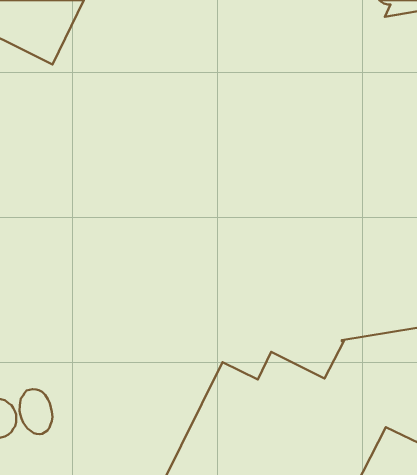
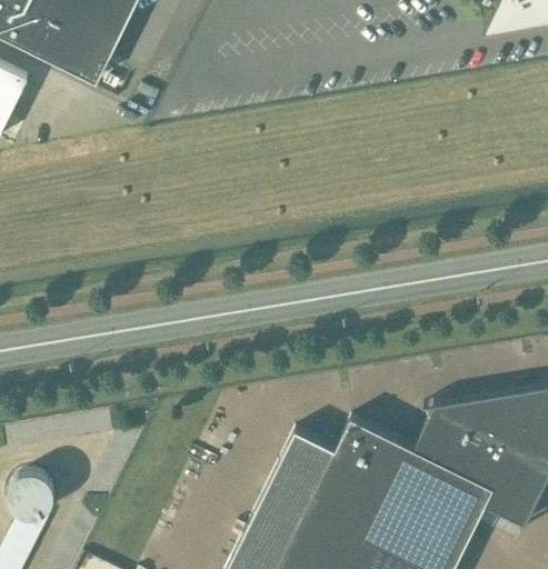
building: [20,389,52,434] -> none

